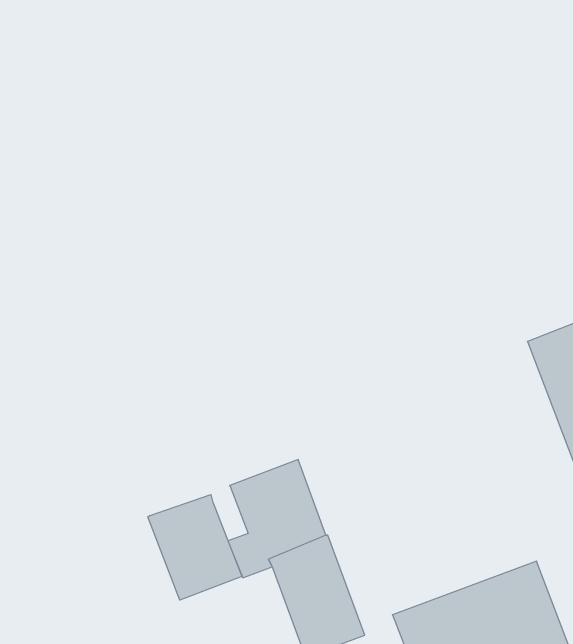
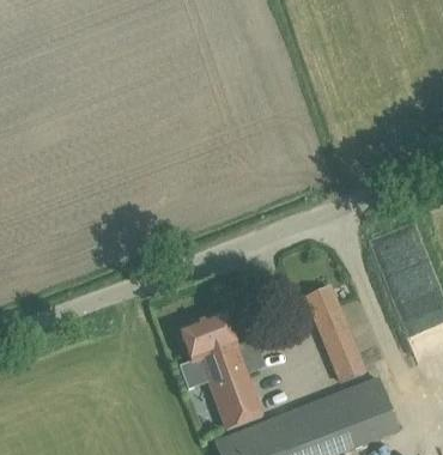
building: none -> [308,284,360,374]
building: [148,495,242,600] -> none

